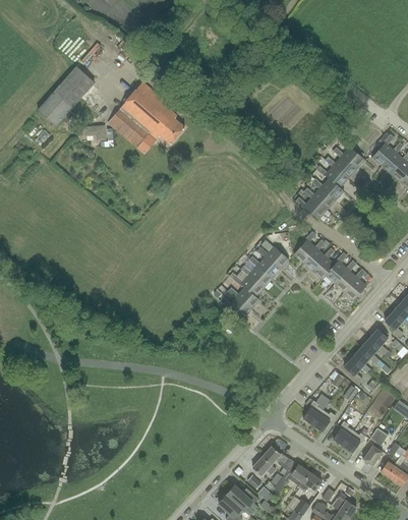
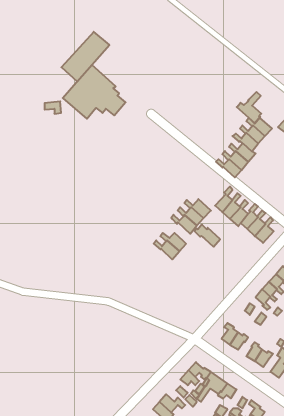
building: [36,66,95,127] -> [61,32,109,81]
building: none -> [237,92,261,123]
building: [232,270,264,297] -> [194,224,220,247]

